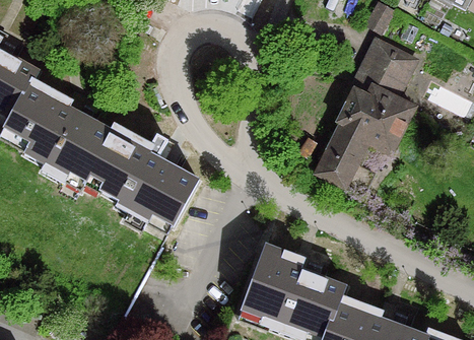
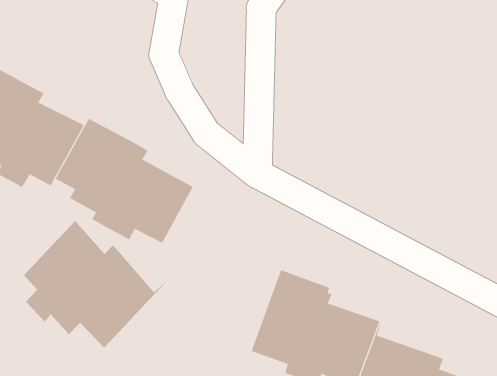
building: [316,40,414,195] -> none
building: none -> [23,220,166,349]

